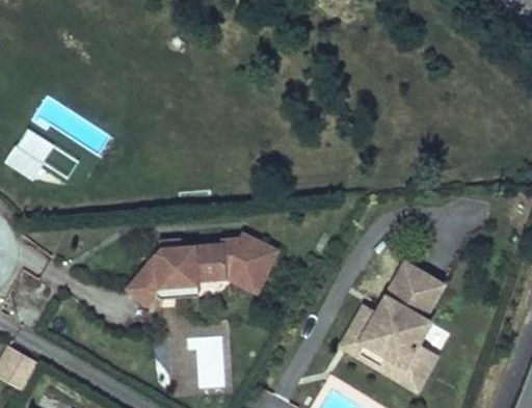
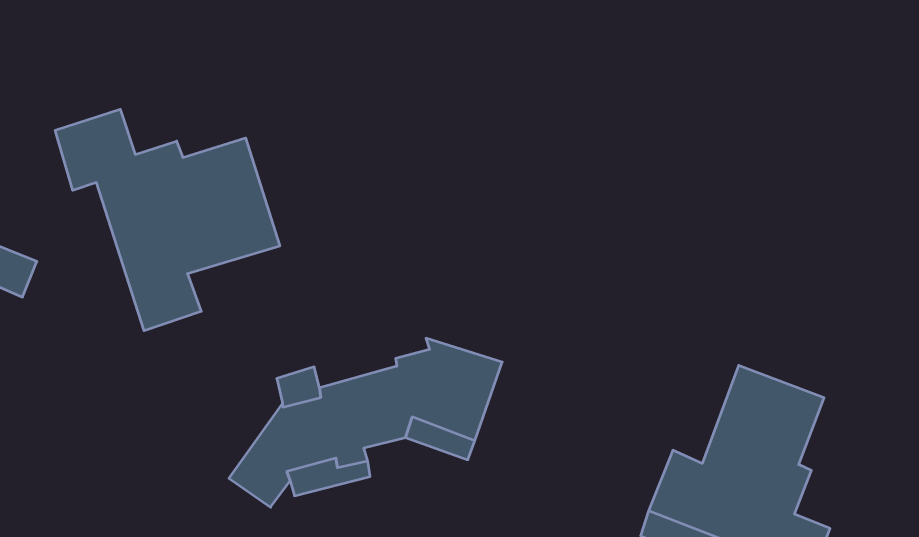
building: none -> [55,109,280,331]

